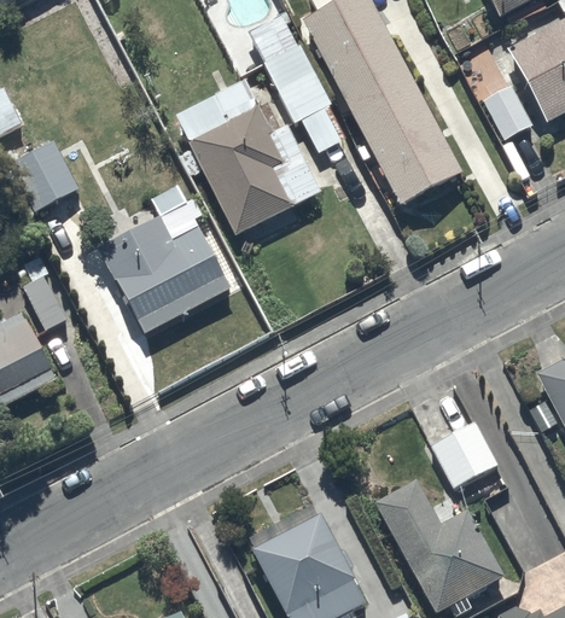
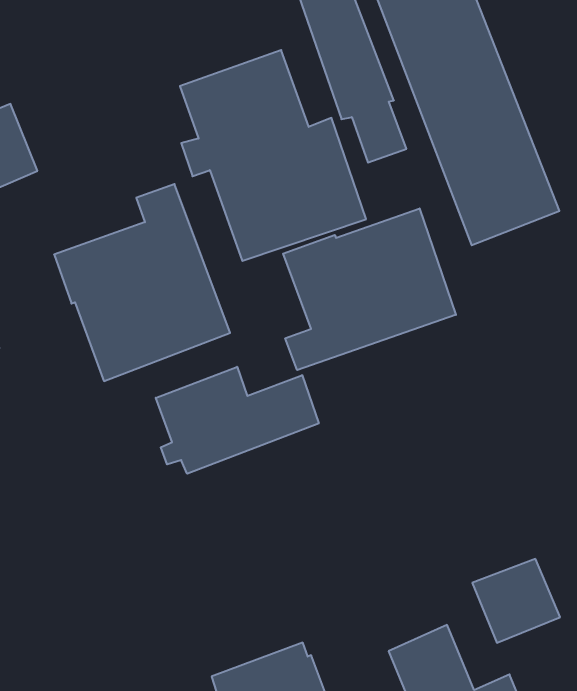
building: none -> [283,208,456,370]
building: none -> [156,367,319,474]

